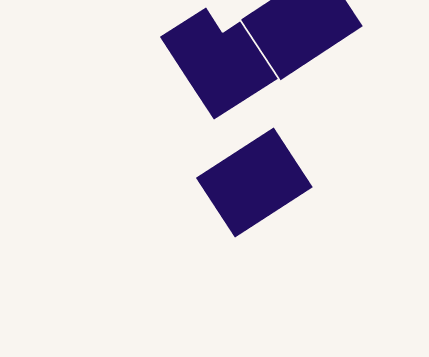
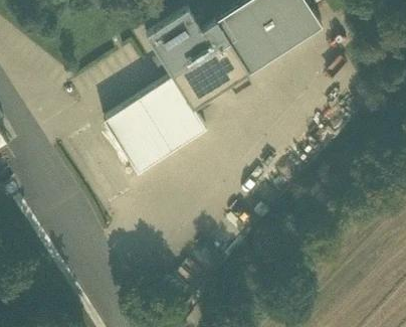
building: [195,127,314,238] -> [104,76,206,173]

